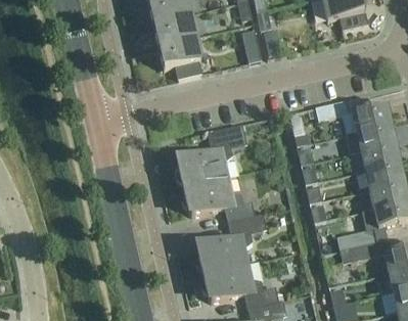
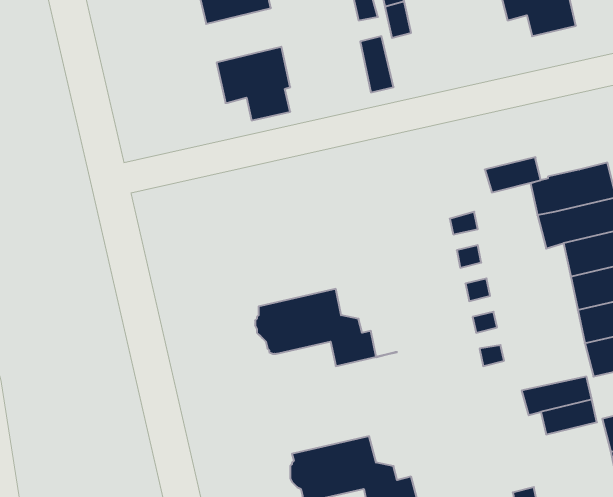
building: [152,13,196,45] -> none
building: [176,125,244,187] -> none
building: [195,214,264,273] -> none

